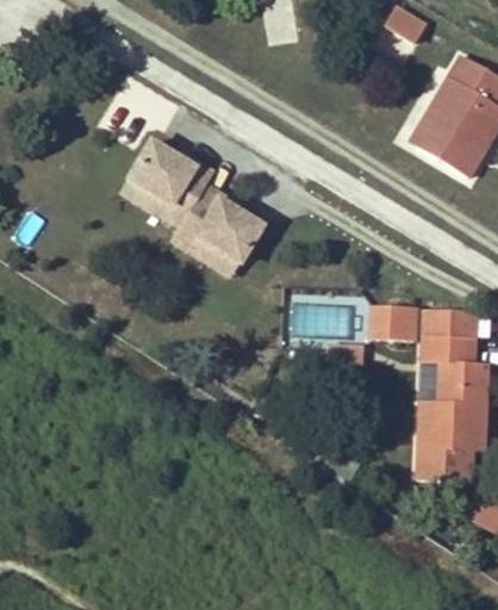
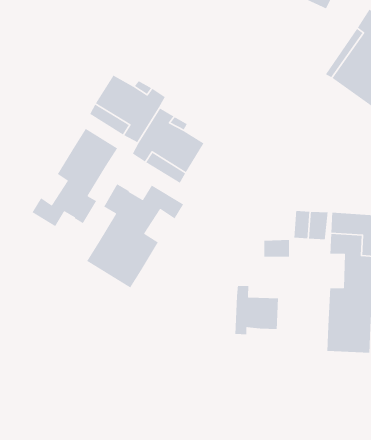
building: none -> [31,128,118,227]
building: none -> [86,183,184,289]
building: none -> [235,285,279,335]

